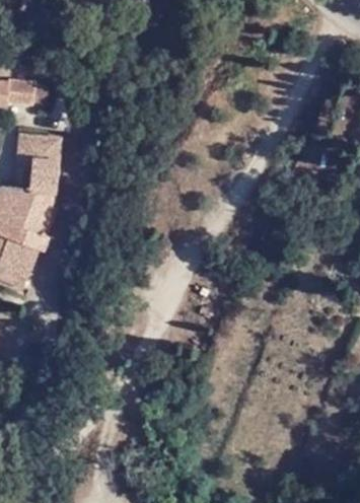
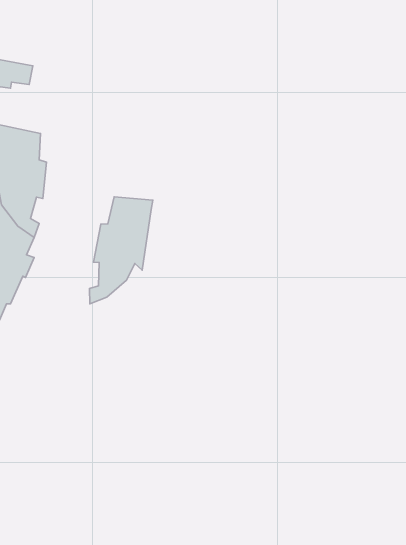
building: none -> [90,197,153,304]

